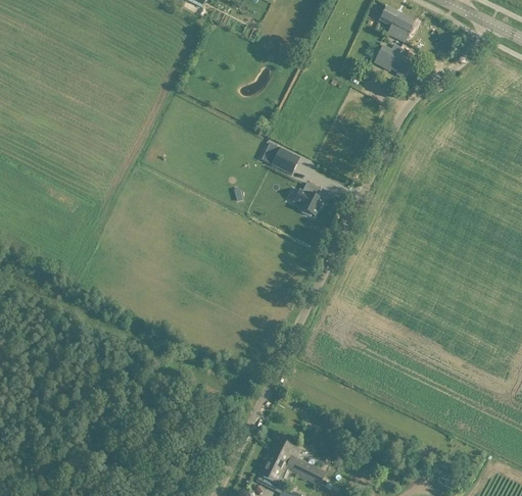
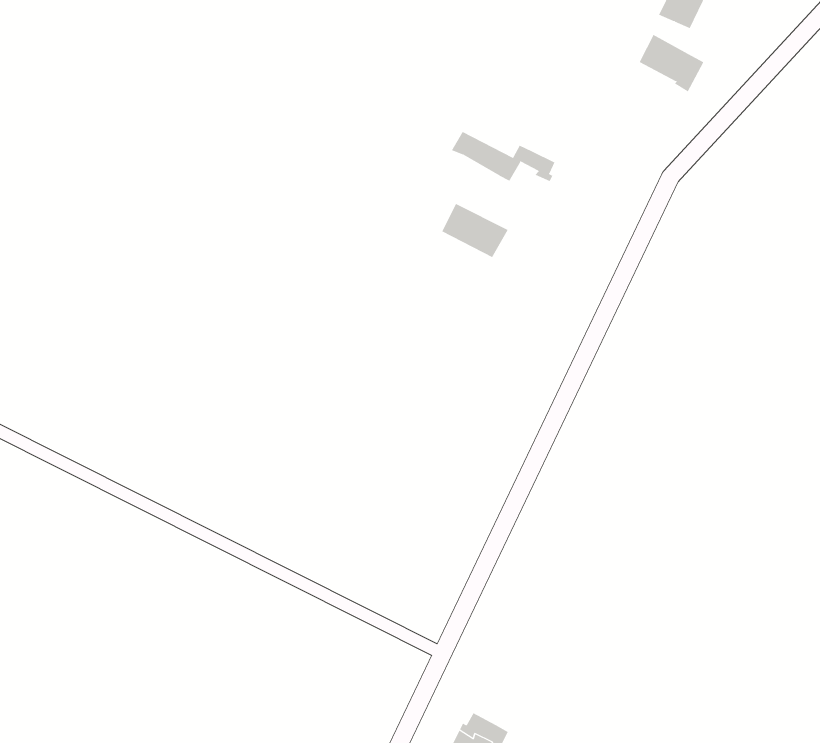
building: none -> [451,131,555,182]
building: [292,183,322,216] -> none

